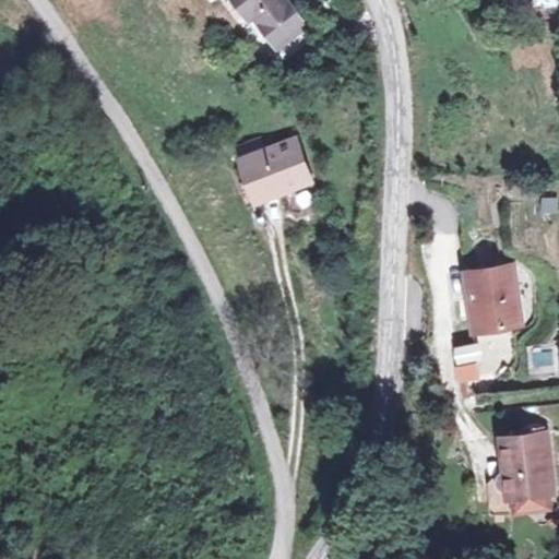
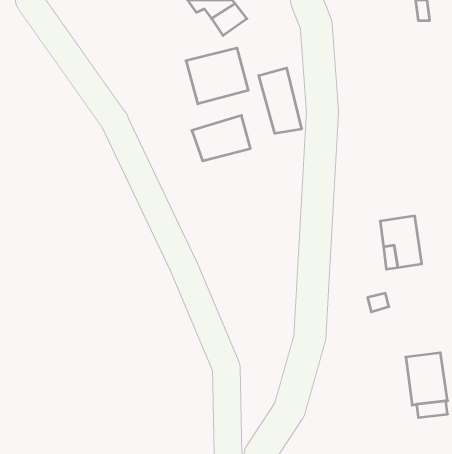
building: none -> [186,48,248,104]
building: none -> [259,68,302,133]

